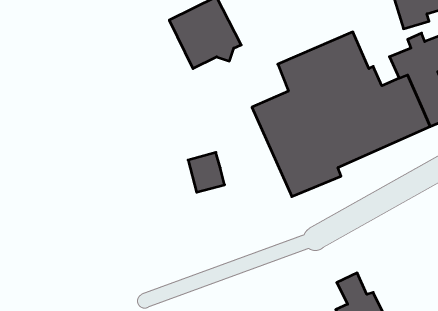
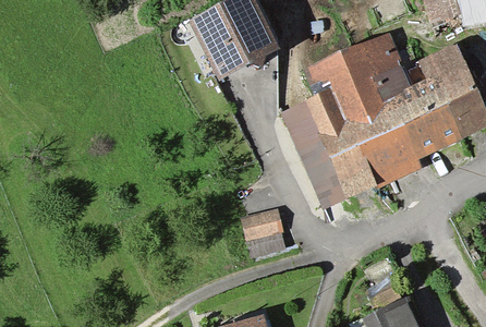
building: [188,152,225,192] -> [246,215,283,255]

